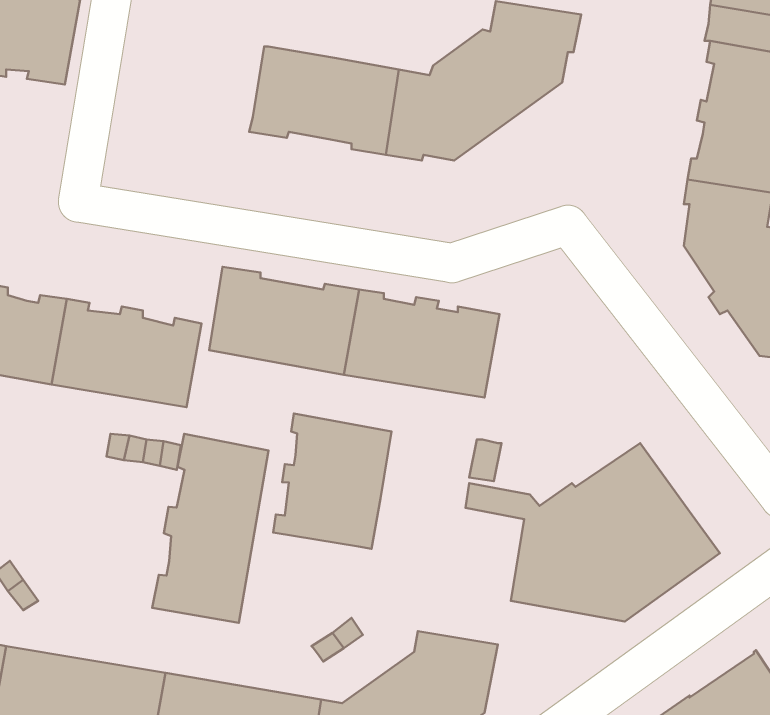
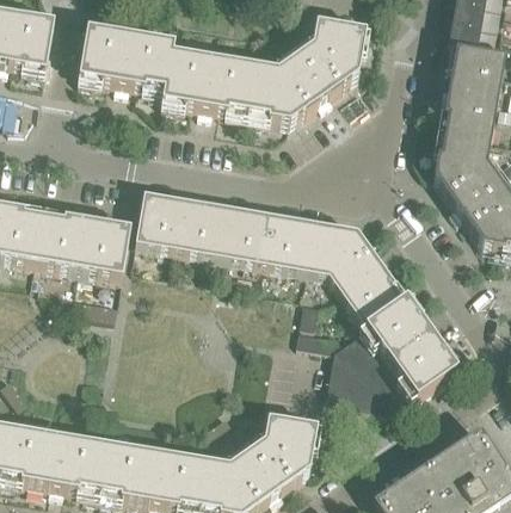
building: none -> [79,24,174,92]
building: none -> [309,216,411,325]
building: [273,414,391,549] -> none
building: [152,434,268,623] -> none

